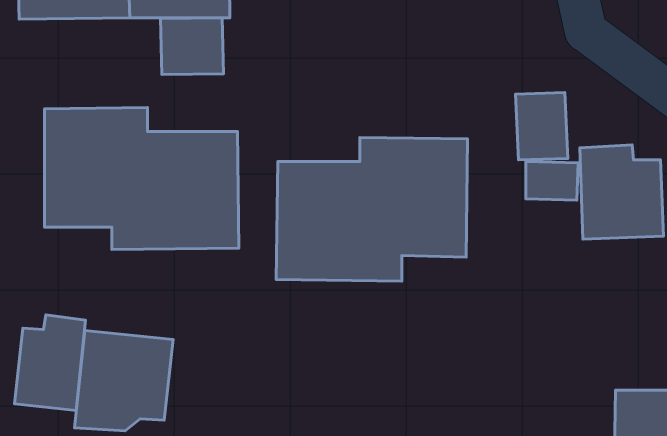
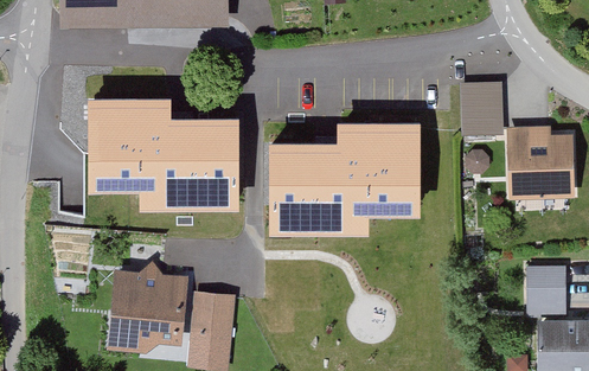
building: [161,18,223,75] -> none
building: [15,315,86,411] -> none
building: none -> [524,266,565,314]
building: none -> [190,294,233,351]

